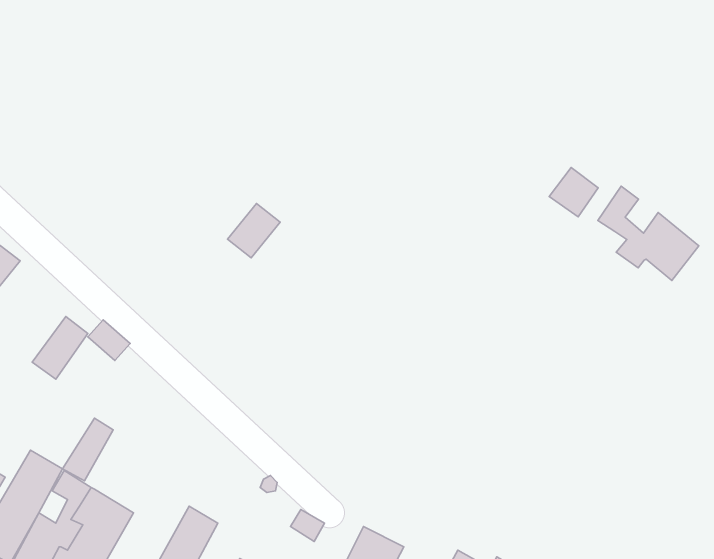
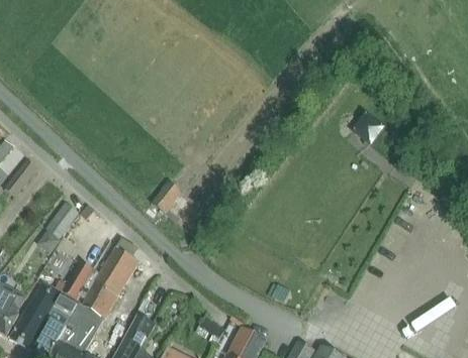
building: [598,186,699,280] -> none
building: [228,204,280,258] -> [150,181,181,213]
building: none -> [81,237,139,318]

